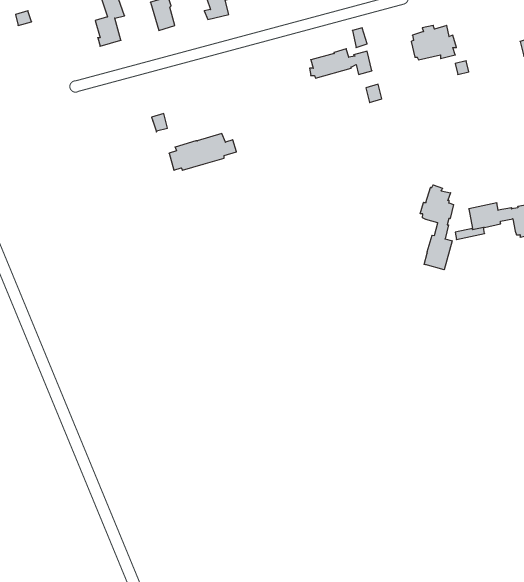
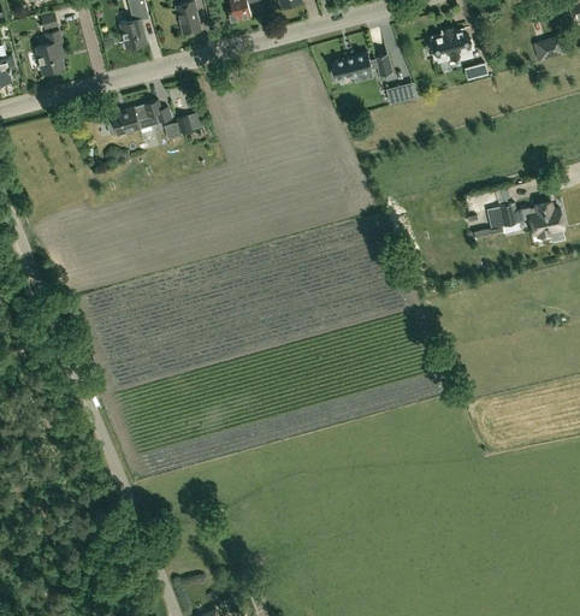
building: none -> [36,31,64,73]
building: [169,134,236,170] -> [106,100,172,136]
building: [420,185,453,270] -> none

